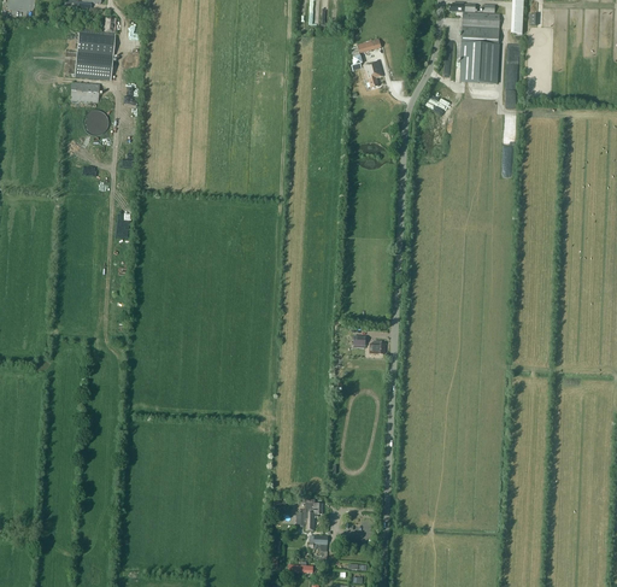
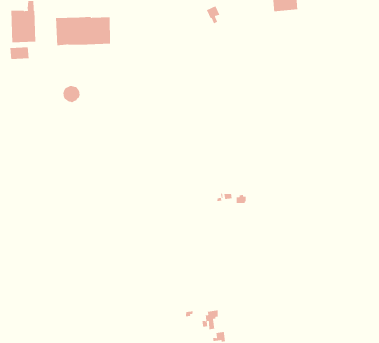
building: none -> [55,16,111,46]
building: [83,108,108,135] -> [63,85,80,103]

